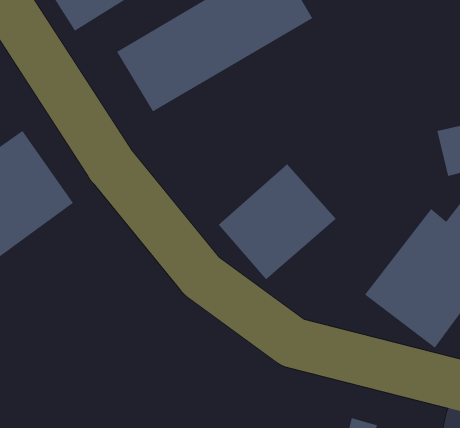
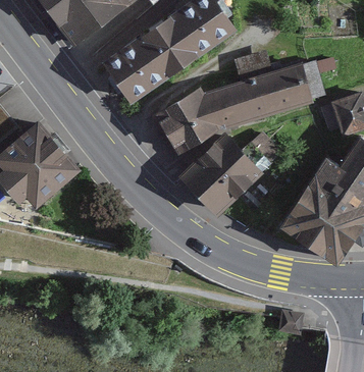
building: none -> [152,62,315,161]

